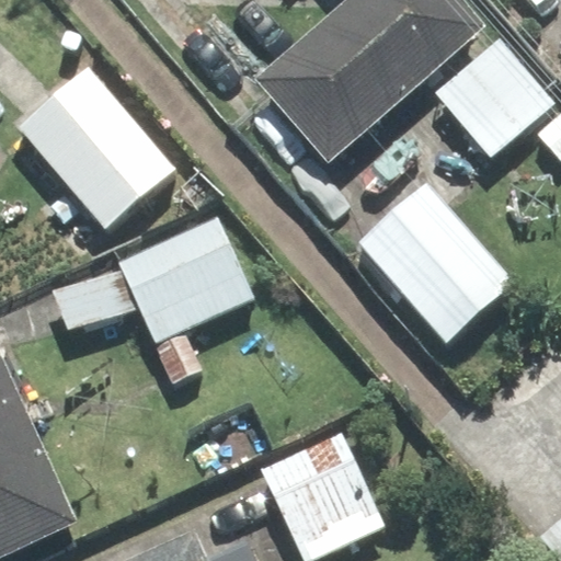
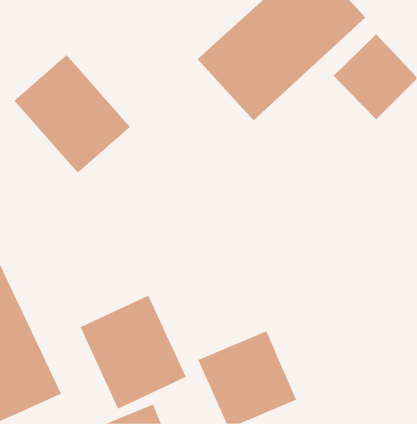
building: [356,181,516,344] -> none
building: [117,221,253,382] -> none
building: none -> [80,295,187,409]

